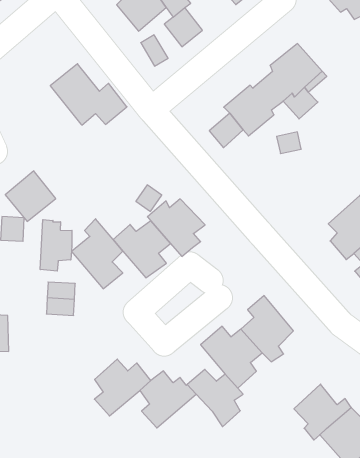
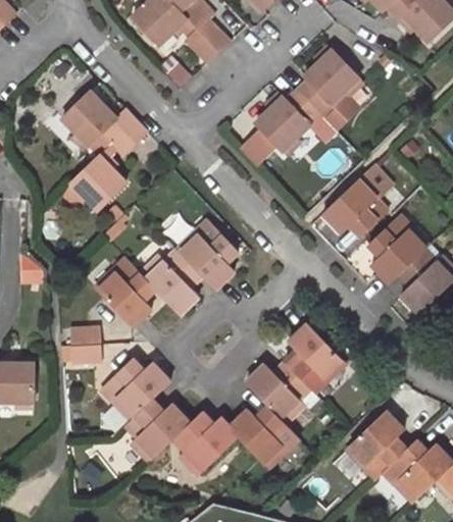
building: none -> [324,167,397,241]
building: [5,171,56,221] -> [69,151,124,206]
building: [40,220,72,271] -> none
building: none -> [98,361,172,418]

